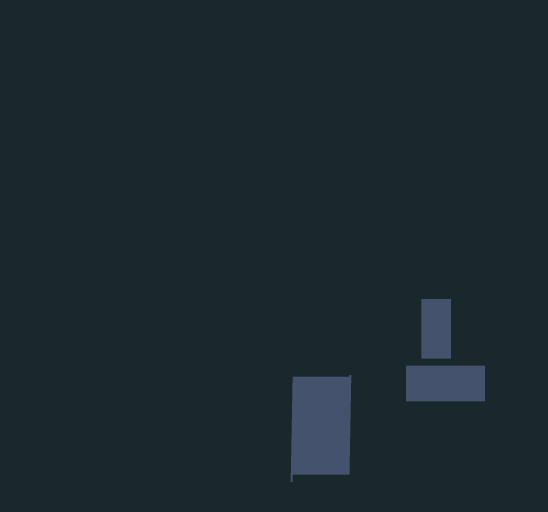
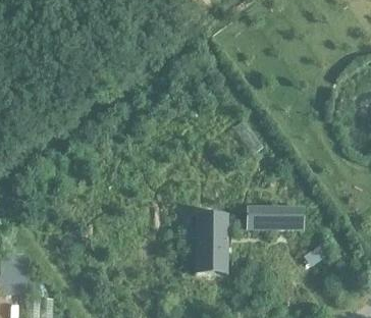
building: [421,298,452,360] -> none

